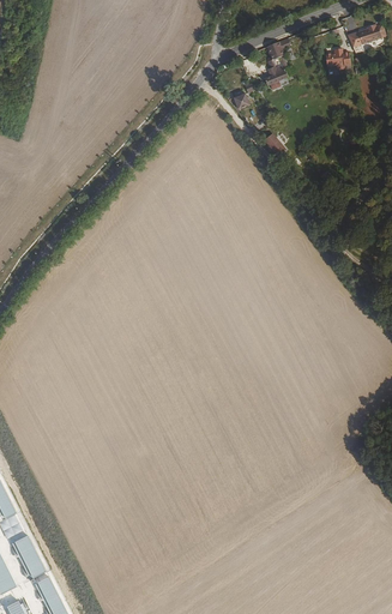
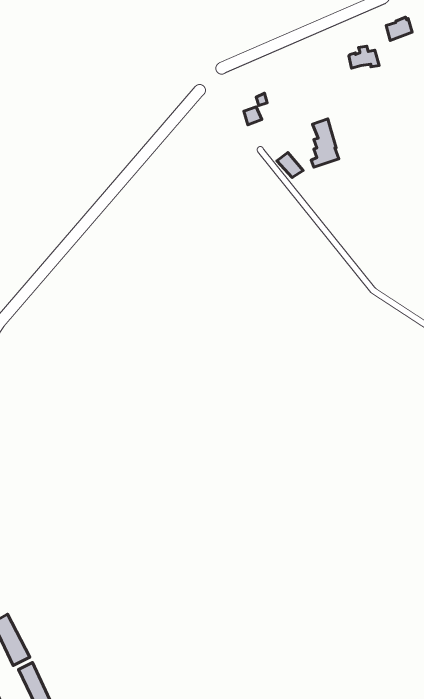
building: [265,42,289,84] -> [311,119,339,167]

